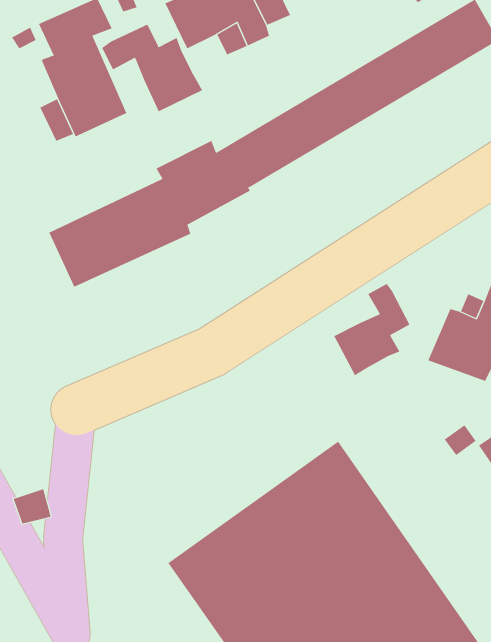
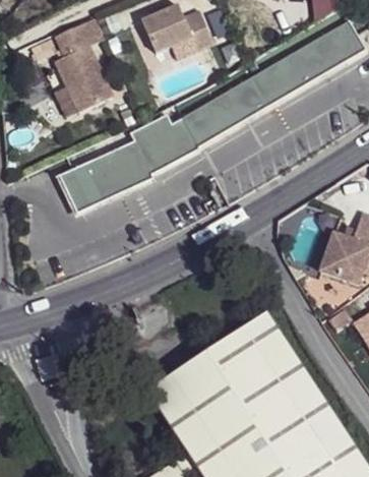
building: [102,24,203,112] -> none
building: [333,283,410,376] -> none

